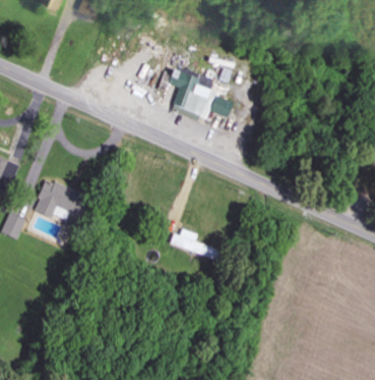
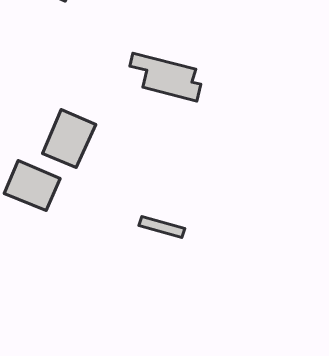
building: none -> [42,110,96,168]

